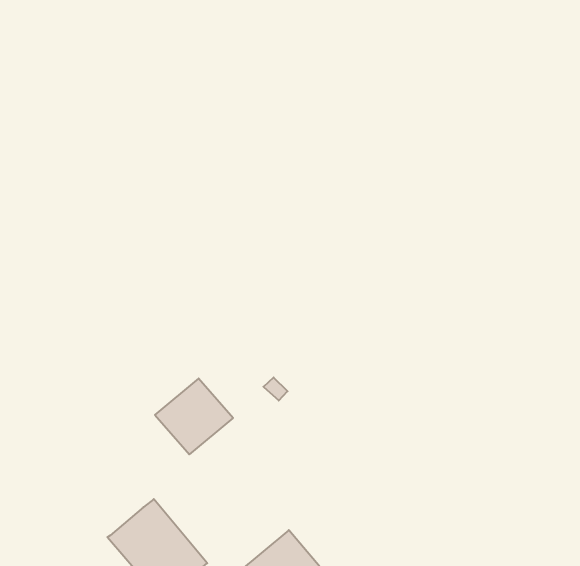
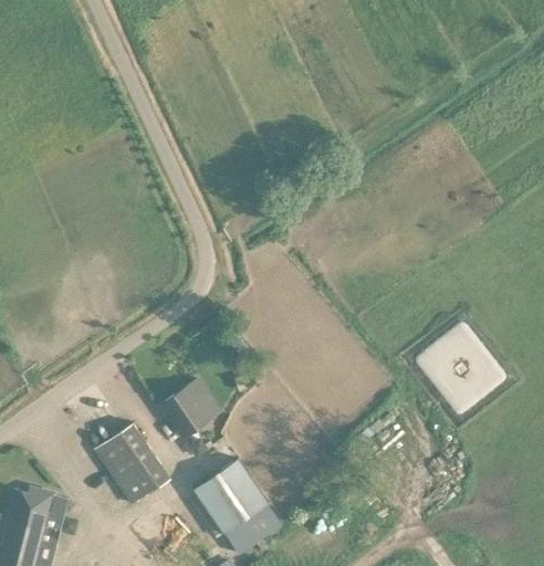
building: [155,378,233,454] -> [159,379,221,439]

